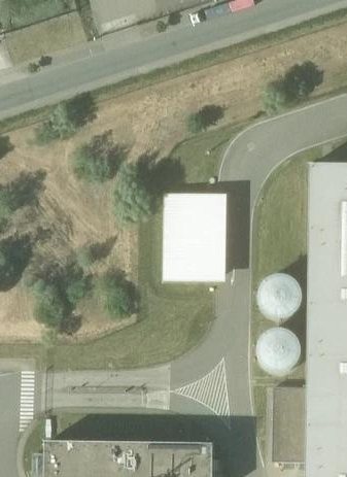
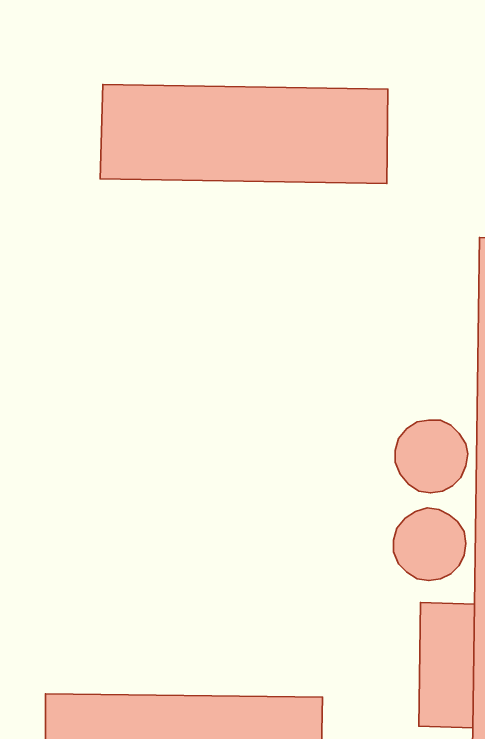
building: none -> [100,84,388,184]
building: [163,193,225,279] -> none

